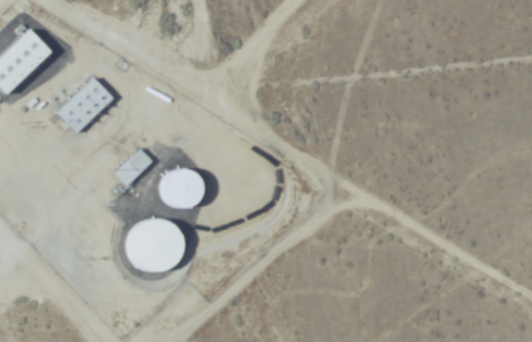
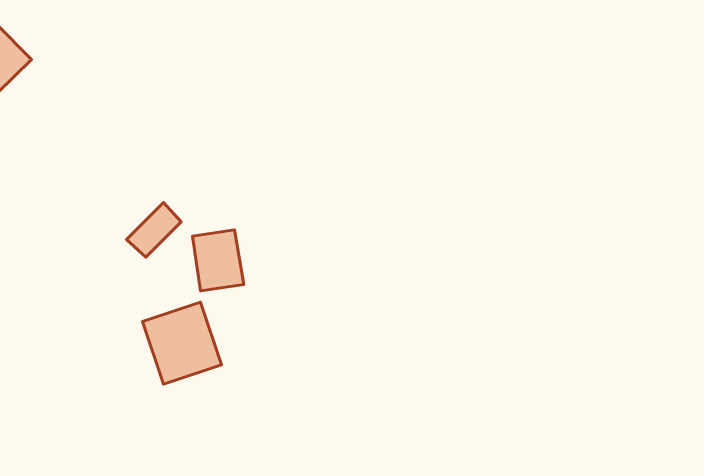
building: [58,77,115,135] -> none

